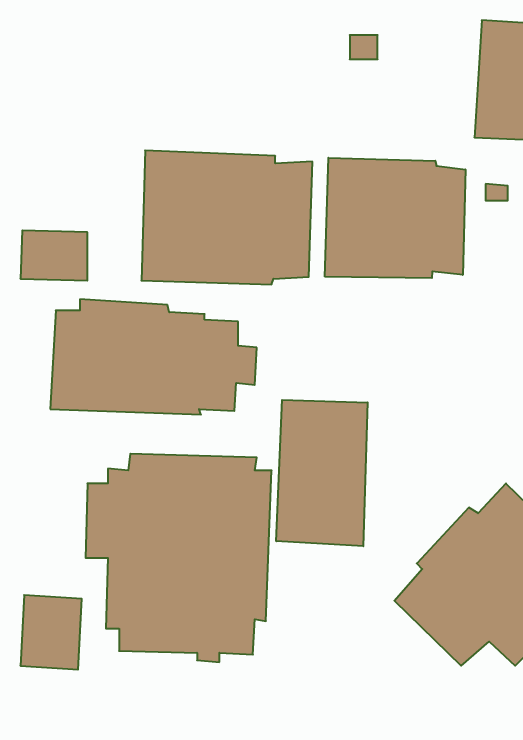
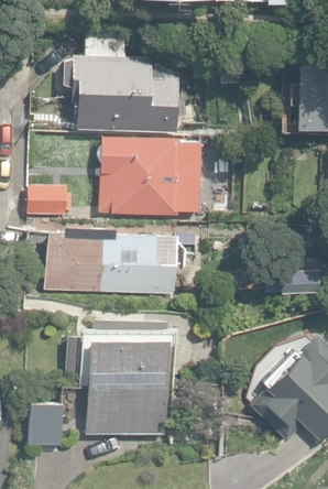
building: none -> [64,55,179,133]
building: [325,158,465,278] -> none
building: [276,400,368,546] -> none

